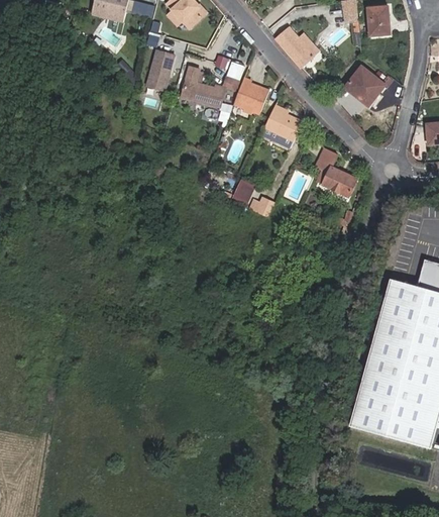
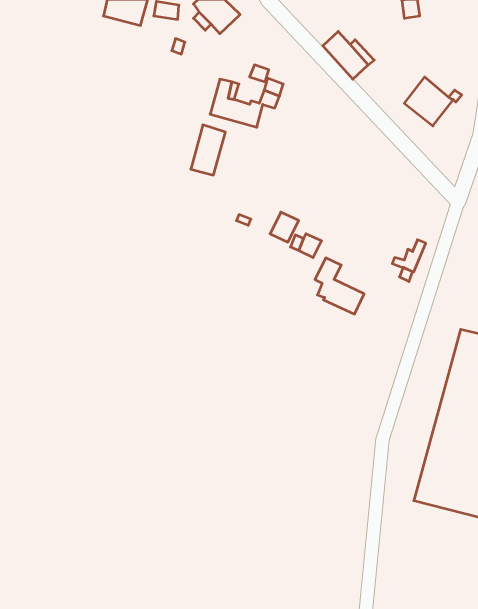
building: [367,7,391,36] -> none
building: [146,48,176,91] -> [191,125,225,175]
building: [233,78,268,115] -> none
building: [264,106,302,141] -> none
building: [315,149,356,197] -> [315,258,364,314]

